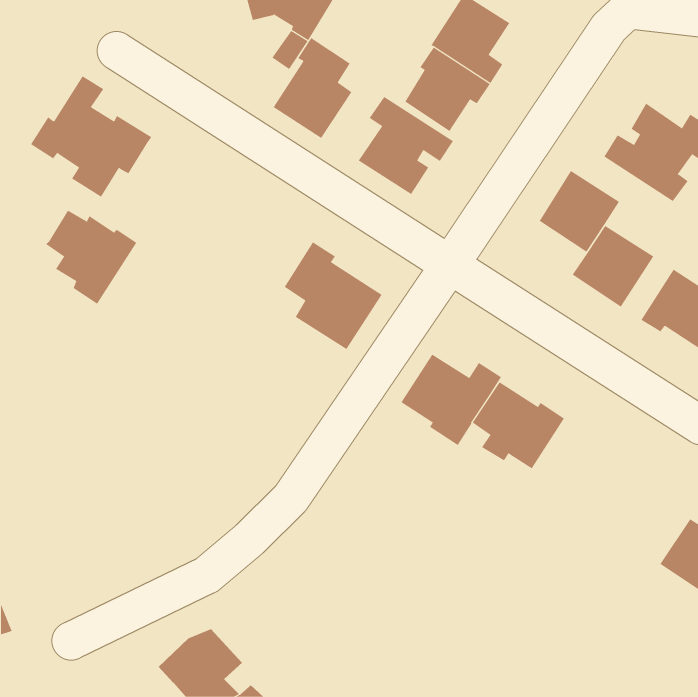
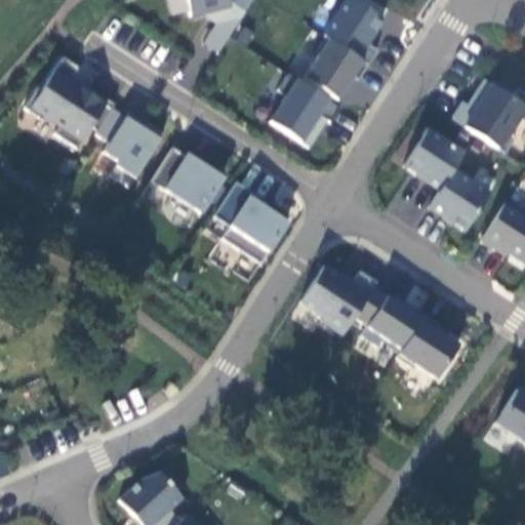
building: [273,37,352,139] -> none
building: none -> [151,147,224,212]
building: [45,210,137,305] -> [96,107,165,177]
building: none -> [397,313,460,377]

